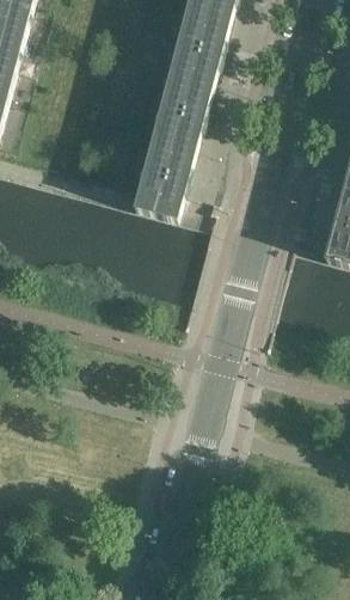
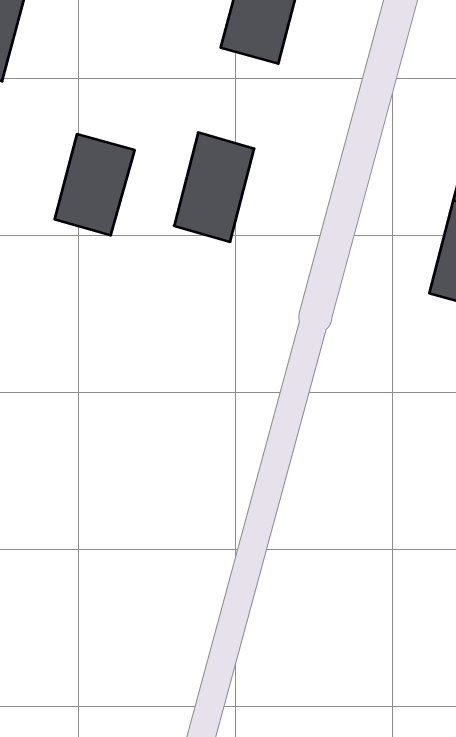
building: [153,73,213,148] -> [55,134,135,235]

